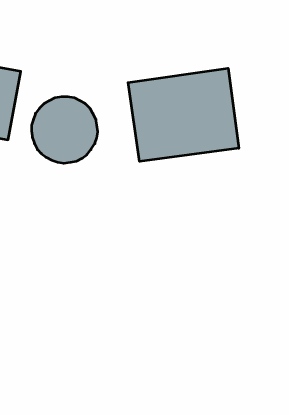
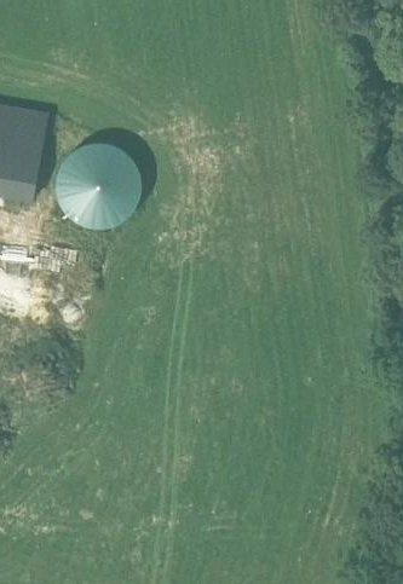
building: [128,68,239,161] -> none

